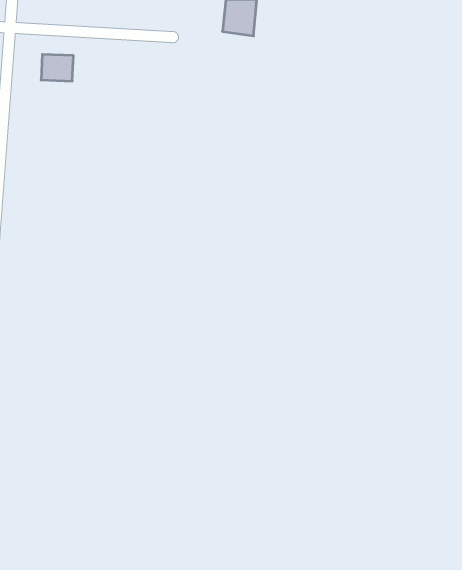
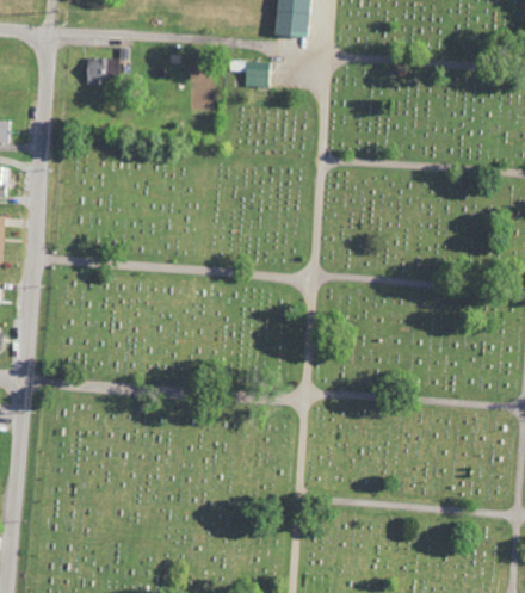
building: none -> [245,61,270,86]

